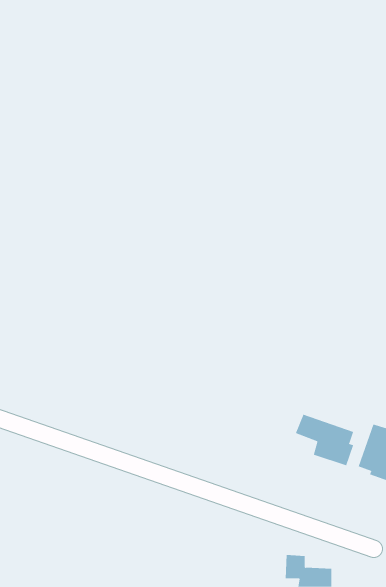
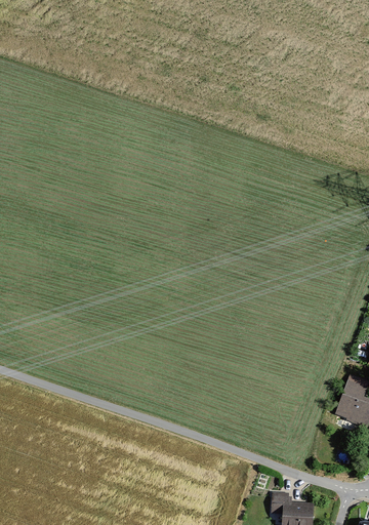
building: [295,414,354,466] -> none

